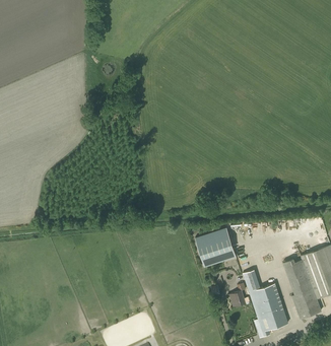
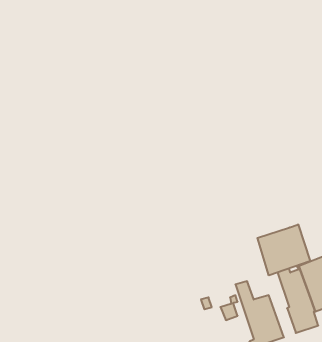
building: none -> [257,224,310,275]
building: [195,227,236,267] -> none

